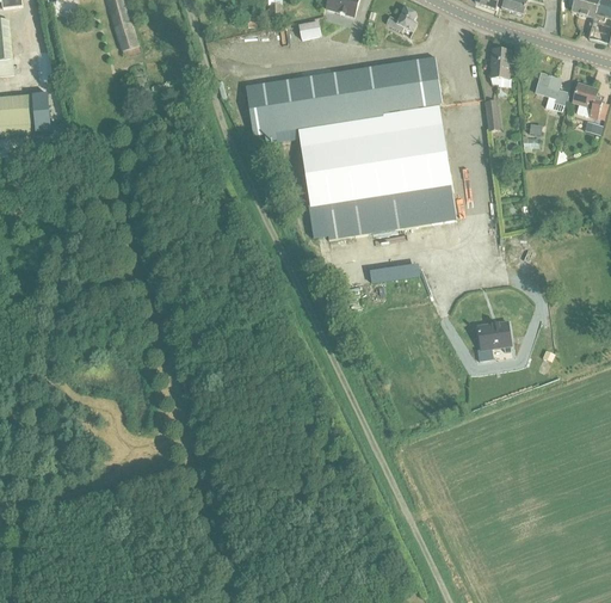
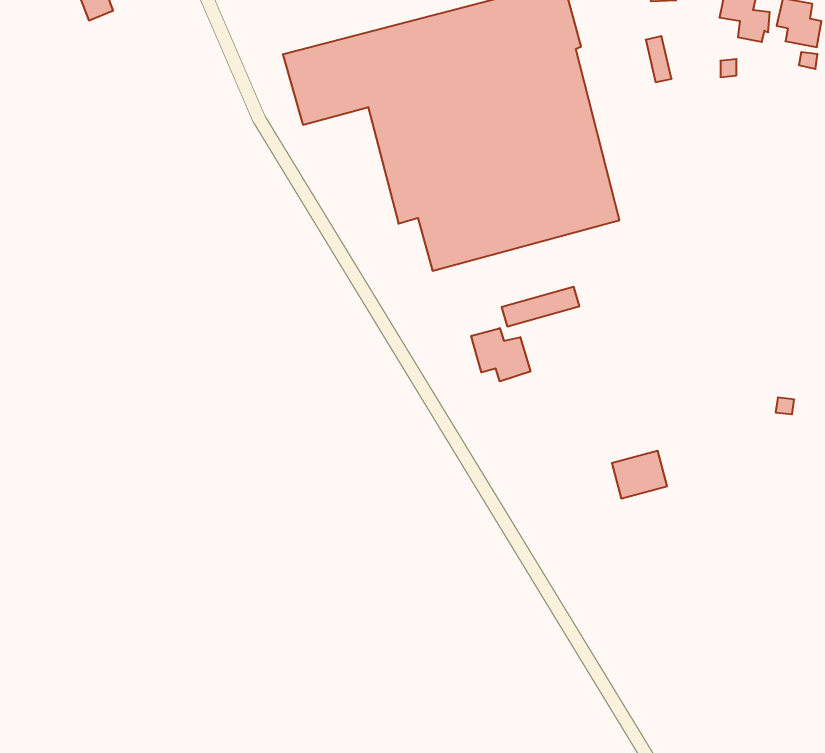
building: none -> [471,328,530,381]
building: [476,321,511,350] -> [612,451,667,498]

